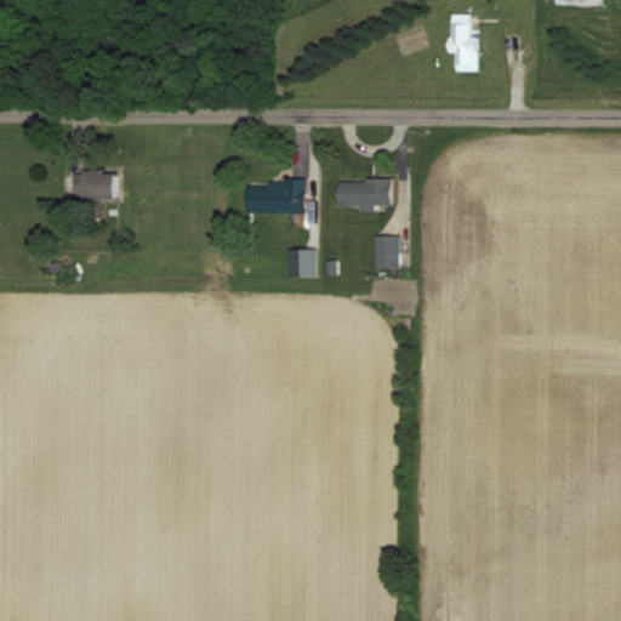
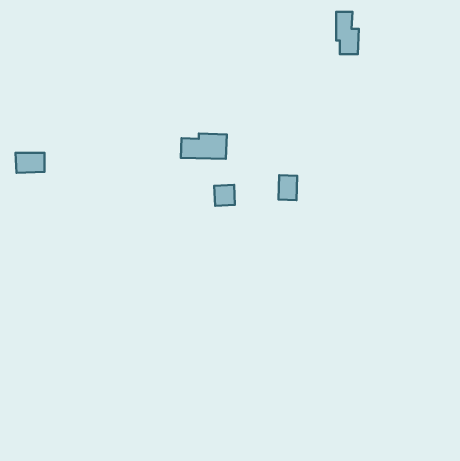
building: [79,172,118,199] -> [16,153,45,173]
building: [336,180,391,207] -> none

